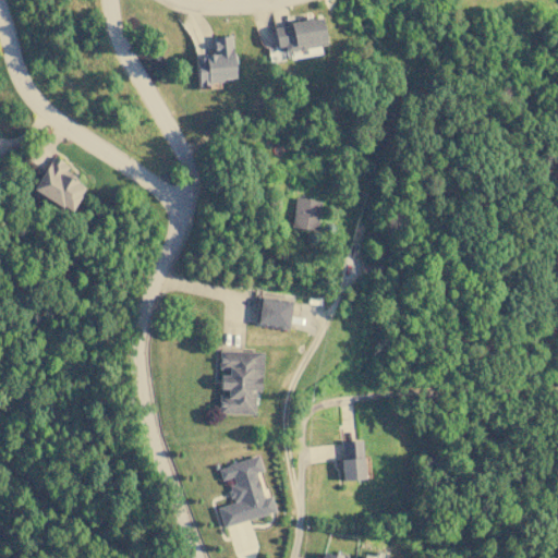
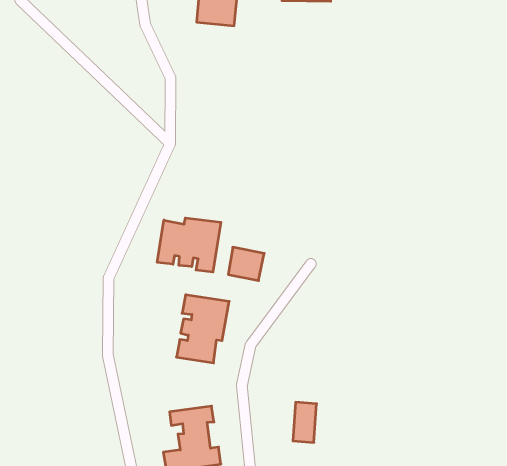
building: [34,156,88,213] -> none
building: [293,197,323,231] -> none
building: none -> [157,218,221,272]

